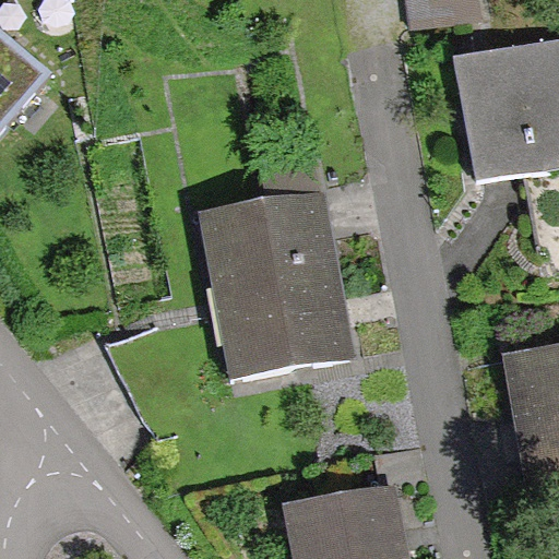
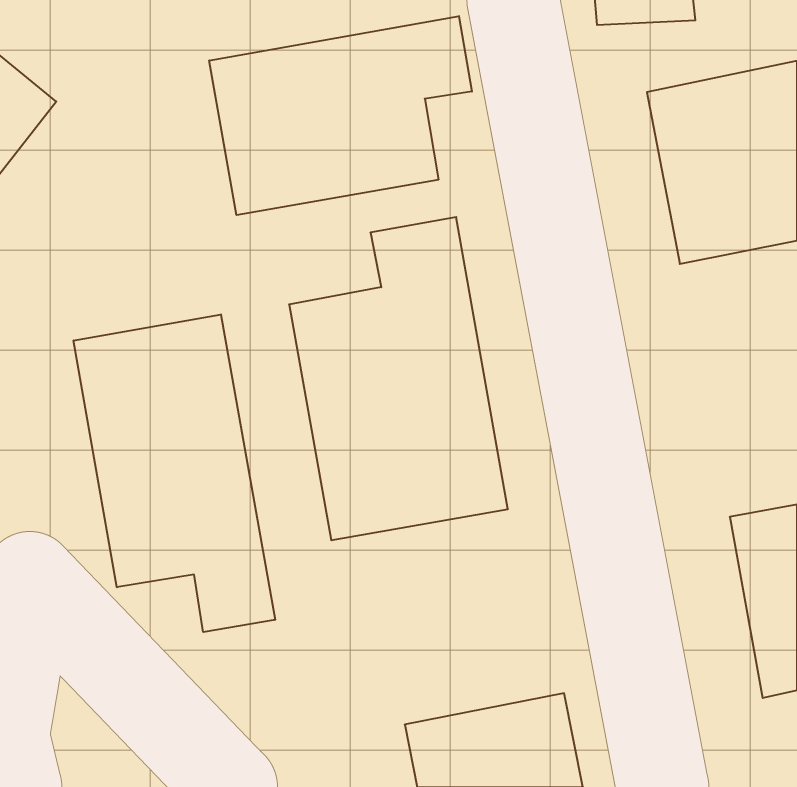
building: none -> [209,16,472,215]
building: none -> [74,314,275,632]

